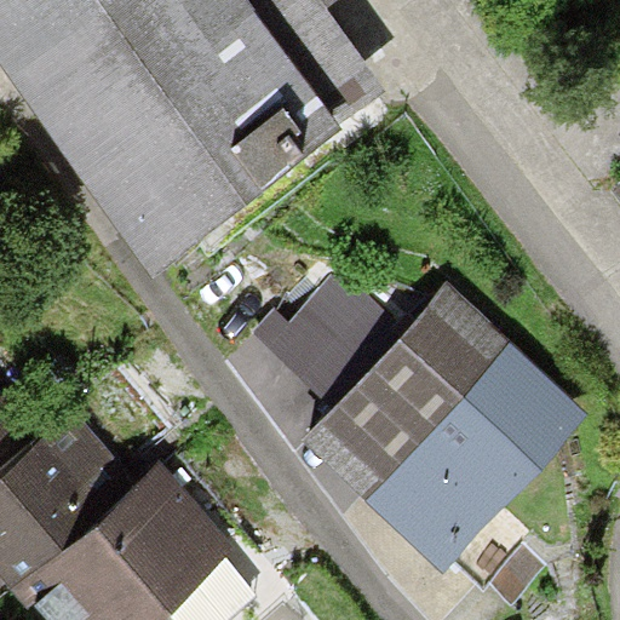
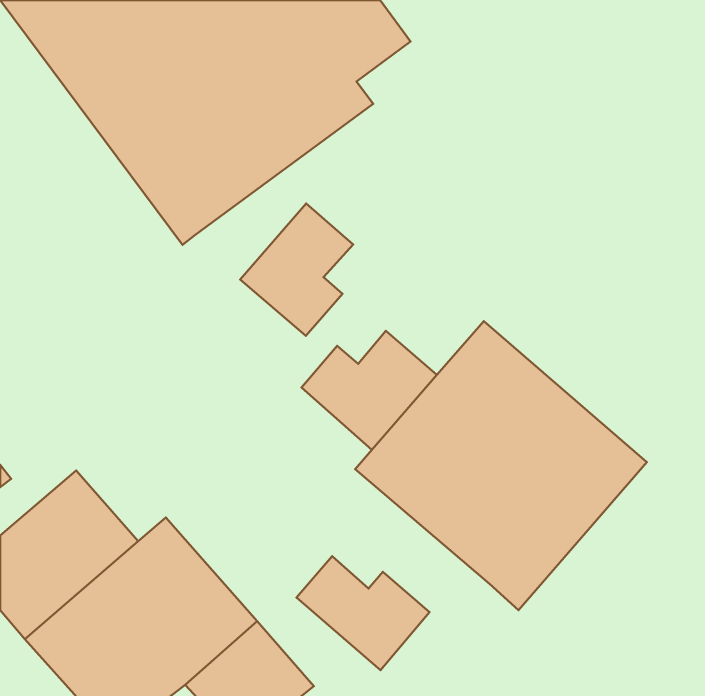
building: none -> [240,203,353,336]
building: none -> [296,556,429,670]

